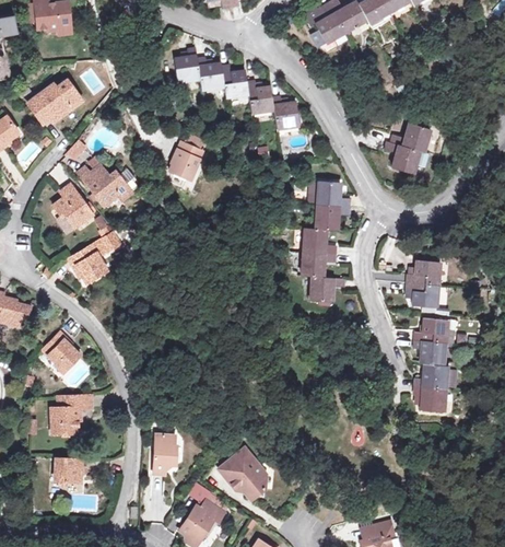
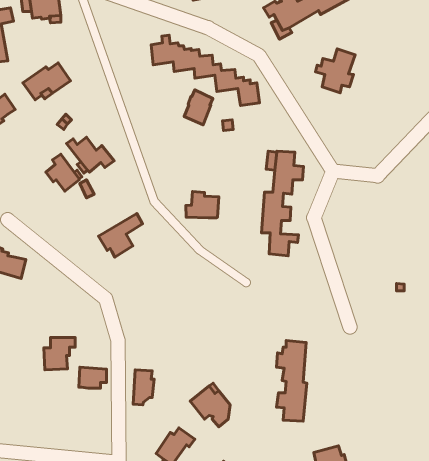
building: [385,124,431,174] -> [315,49,355,93]
building: [168,141,201,182] -> [184,90,213,125]
building: none -> [186,191,219,218]
building: [68,233,118,283] -> [99,213,142,257]
building: [406,260,441,307] -> none
building: [413,317,448,410] -> [277,340,307,421]
building: [43,331,80,371] -> none
building: [56,457,87,481] -> [79,367,106,388]

